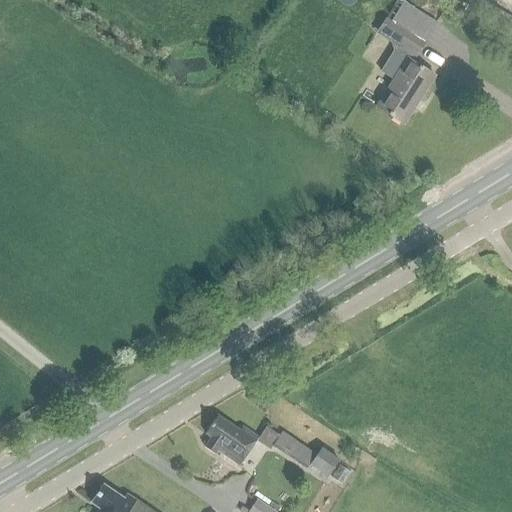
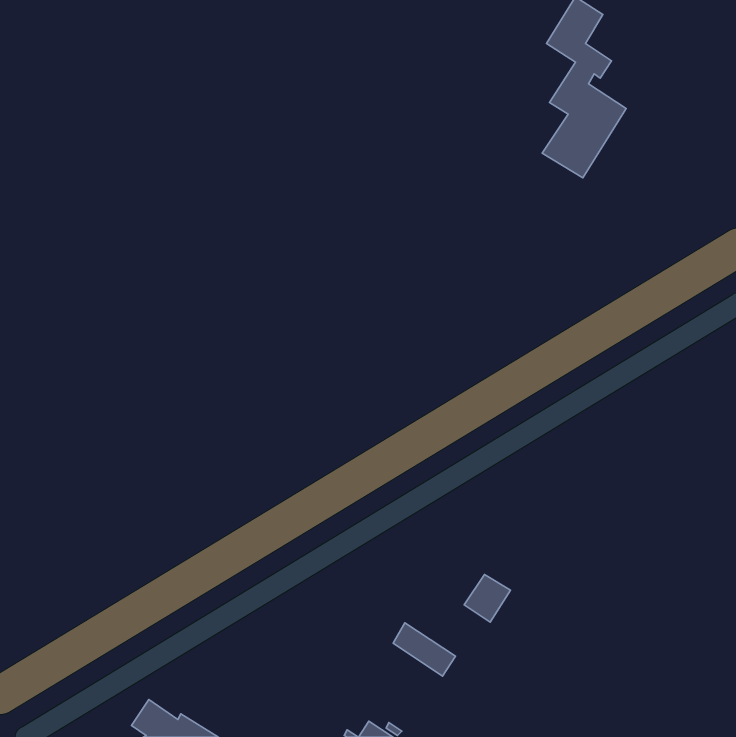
building: [206,414,259,465] -> none
building: [308,447,340,480] -> [464,574,510,622]

